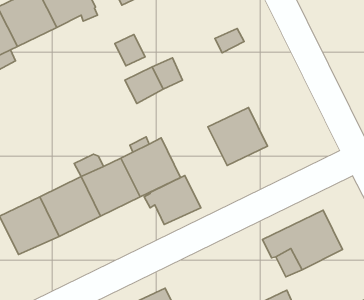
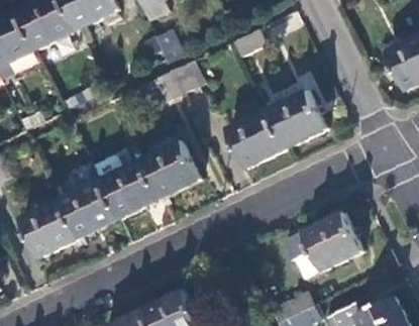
building: none -> [268,89,327,147]
building: [144,175,201,225] -> none

